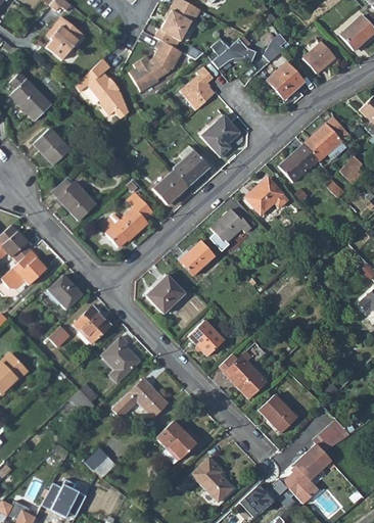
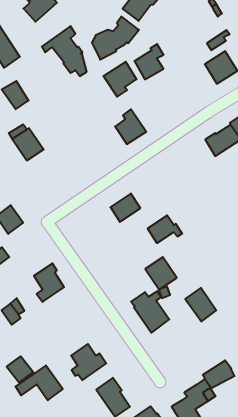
building: [214,35,258,66] -> none
building: [203,113,242,155] -> [103,62,137,97]
building: [153,169,188,204] -> none
building: [245,176,288,215] -> none
building: [101,191,153,247] -> none
building: [212,208,252,242] -> [148,215,182,243]
building: [146,275,184,314] -> none
building: [74,305,111,343] -> none
building: [188,317,226,354] -> [145,257,177,289]
building: [113,378,169,418] -> [15,365,63,400]
building: [259,394,296,433] -> [185,288,216,322]

